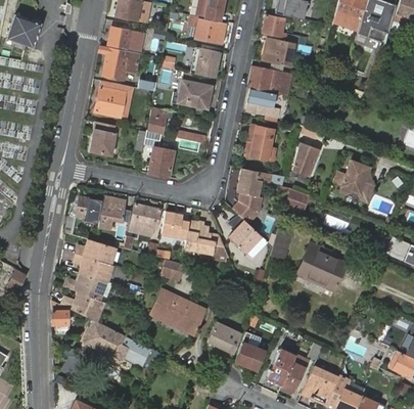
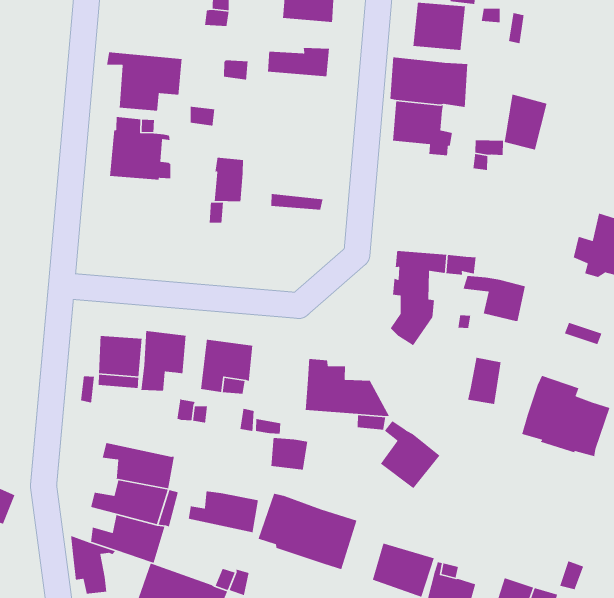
building: [109,27,144,52] -> none
building: [173,81,211,107] -> none
building: [90,123,121,155] -> none
building: [246,126,275,161] -> none
building: [293,144,319,176] -> [504,94,548,151]
building: [149,147,174,178] -> none
building: [162,212,184,236] -> none
building: [229,215,262,253] -> [380,420,441,489]
building: [77,239,116,265] -> [188,490,259,533]

